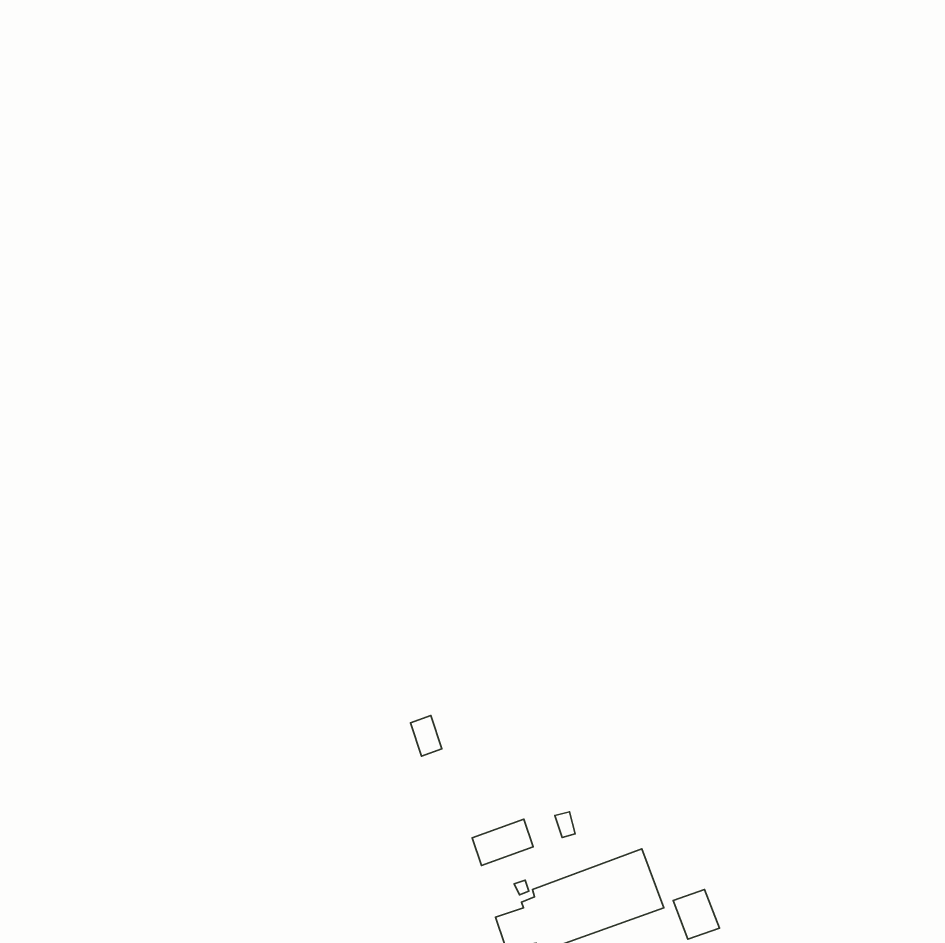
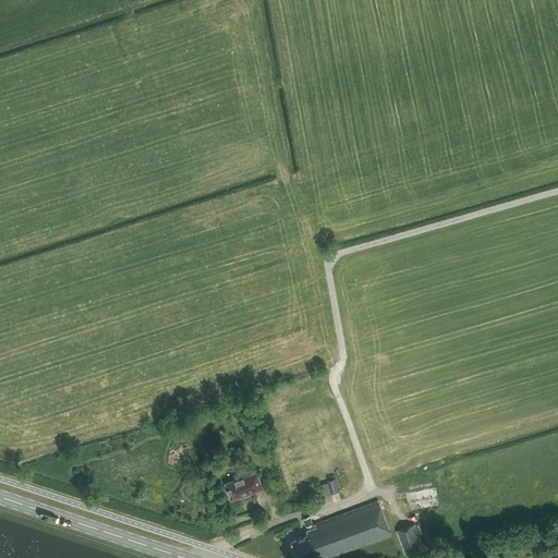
building: [472,819,533,865] -> [227,473,263,500]

